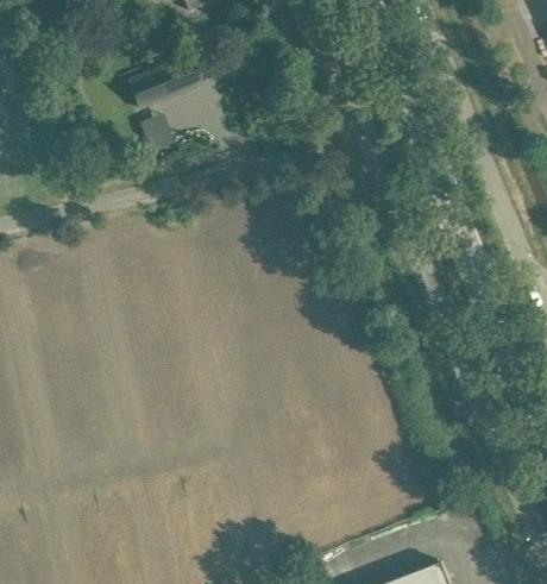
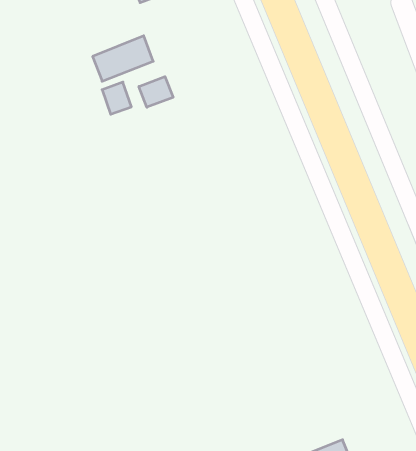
building: none -> [139,77,173,107]

